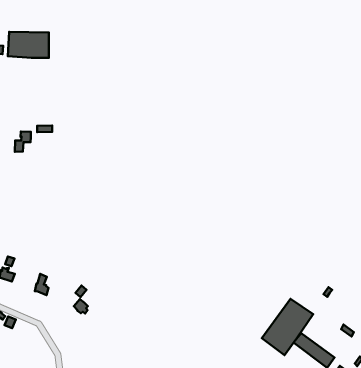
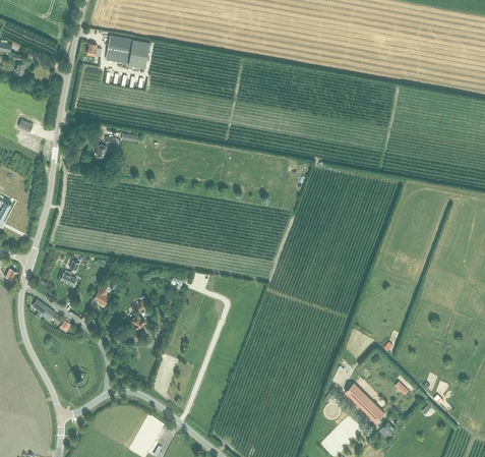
building: [262,299,313,355] -> none

